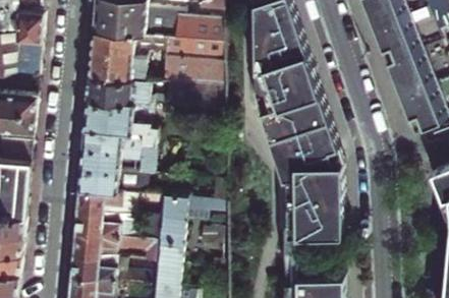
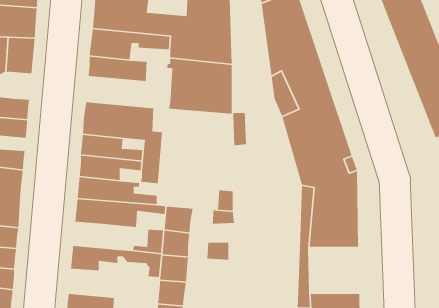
building: [88,76,166,107] -> none
building: [75,213,120,238] -> none
building: [71,256,156,287] -> none

